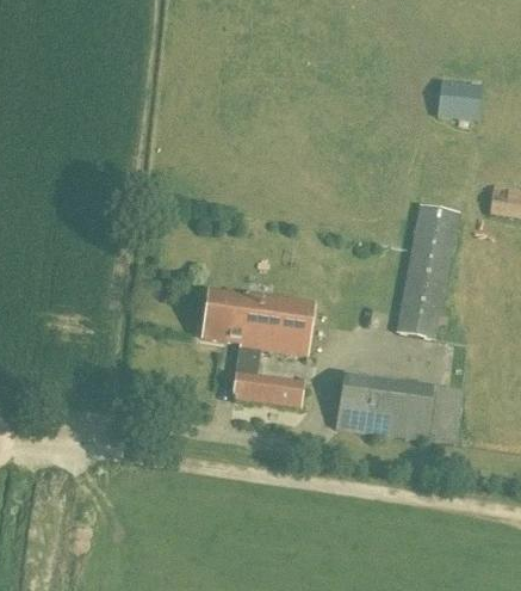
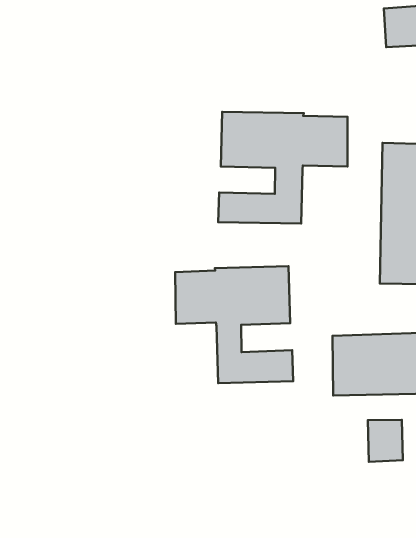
building: none -> [218,112,348,224]
building: none -> [368,420,403,462]

